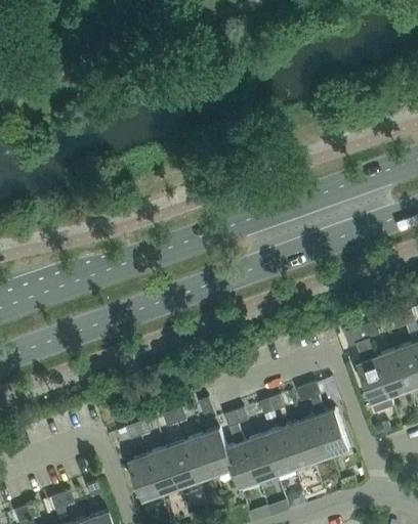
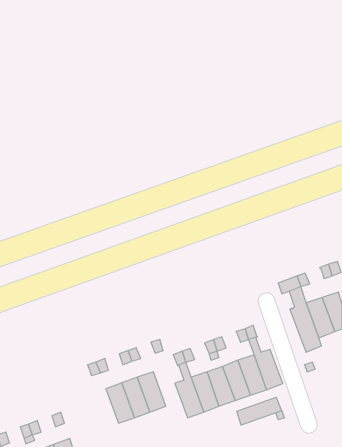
building: [202,428,234,474] -> none
building: [129,454,162,500] -> none
building: none -> [237,397,281,425]

